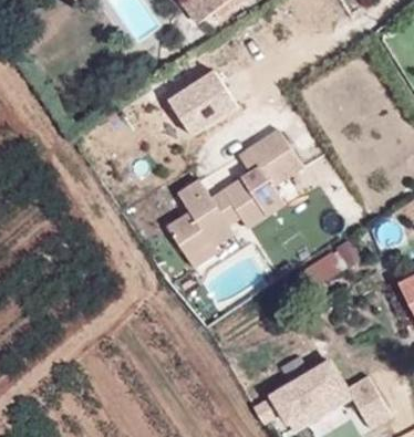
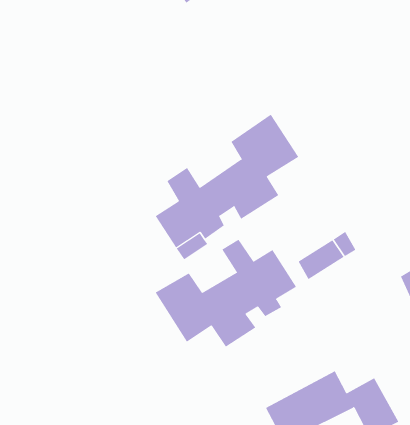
building: [166,72,237,135] -> none
building: none -> [155,239,297,348]

